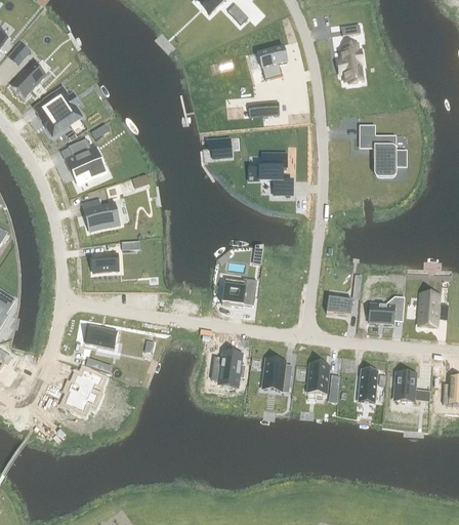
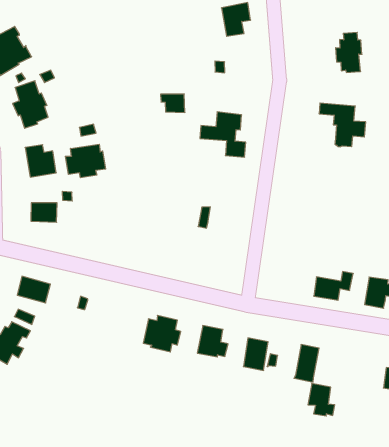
building: [337,42,363,81] -> [336,32,362,72]
building: none -> [65,144,106,178]
building: [221,277,256,306] -> none
building: [326,296,351,315] -> none
building: [394,370,420,400] -> [308,384,335,416]

